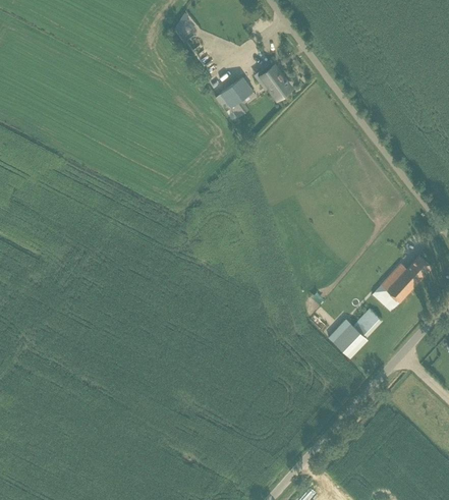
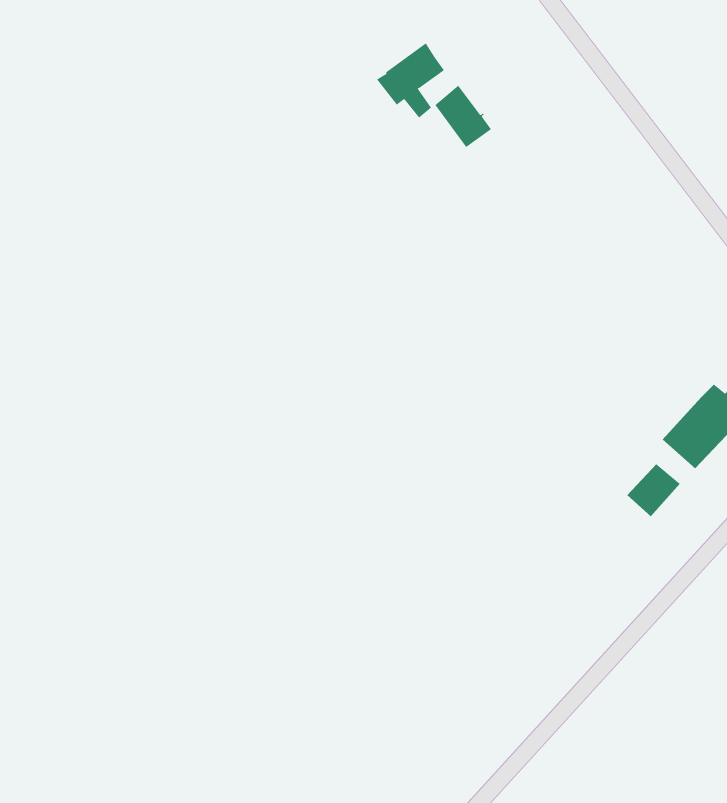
building: [260,64,291,99] -> [434,85,492,148]
building: [327,317,366,355] -> none

